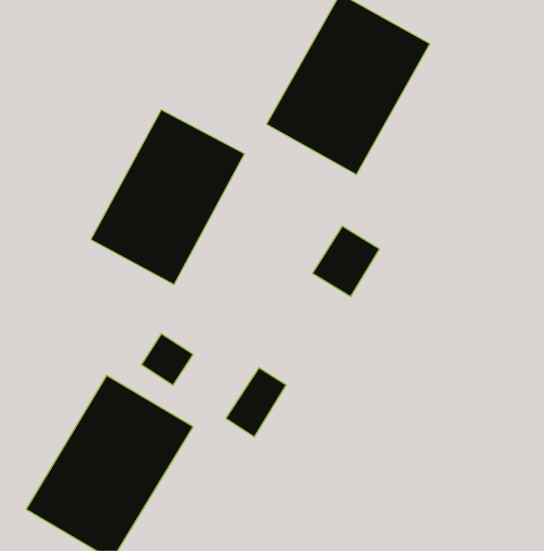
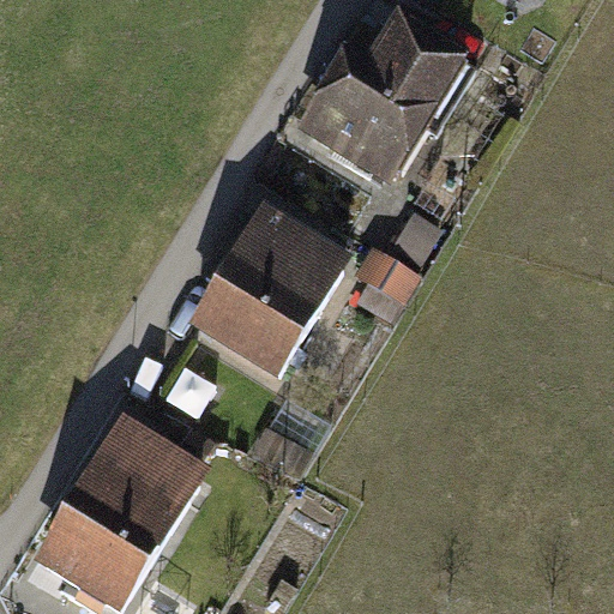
building: [91,110,245,284] -> [186,200,354,391]

